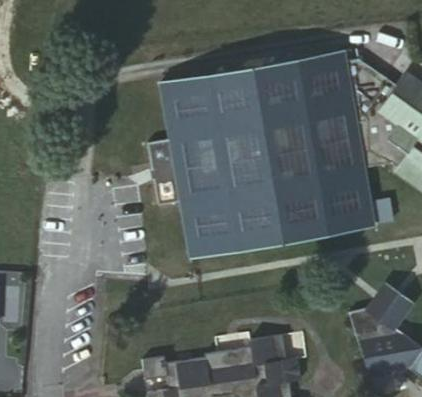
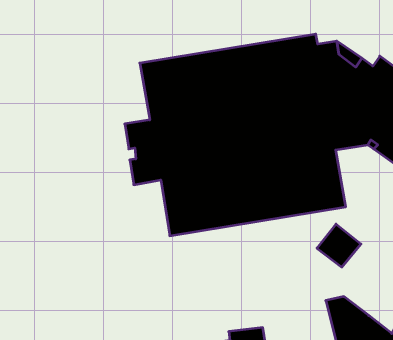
building: [365,289,409,332] -> [317,224,361,267]

